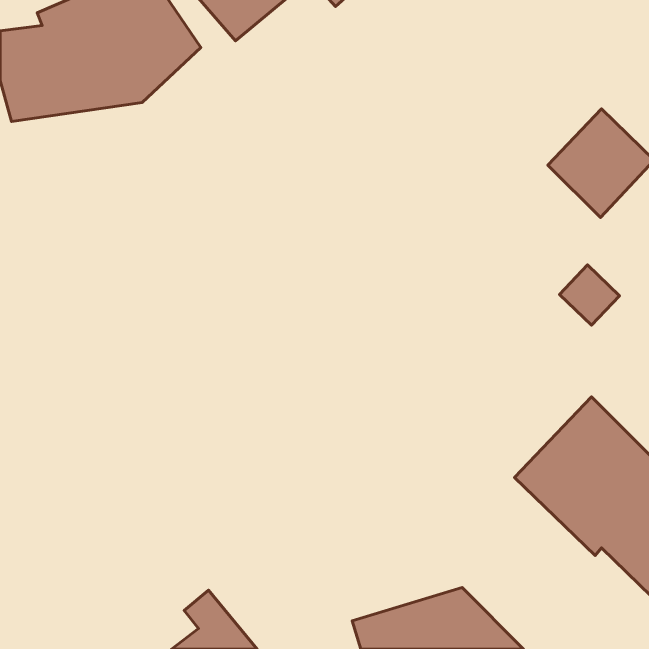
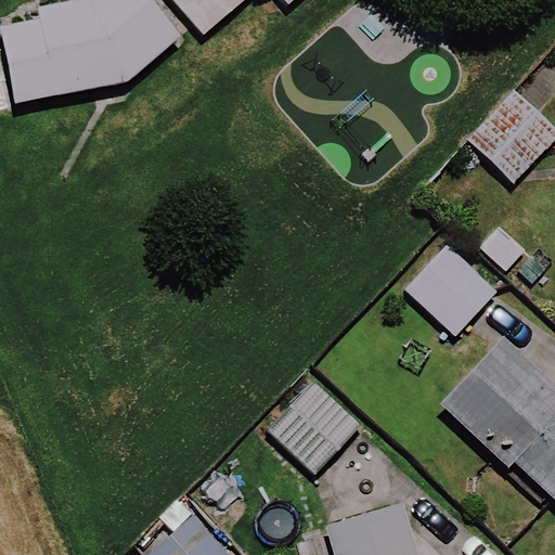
building: none -> [403,243,496,336]
building: none -> [268,382,359,473]

